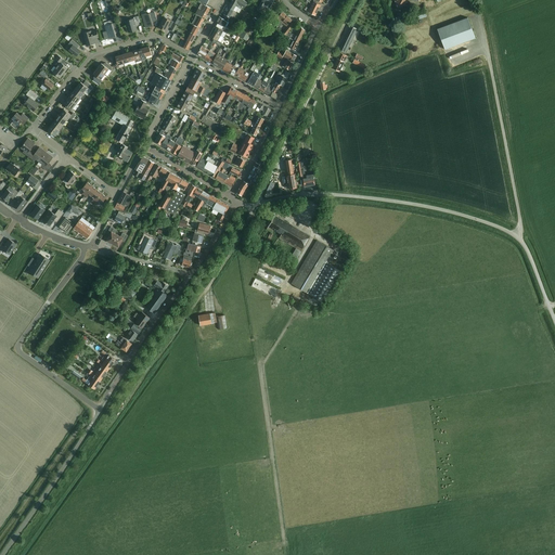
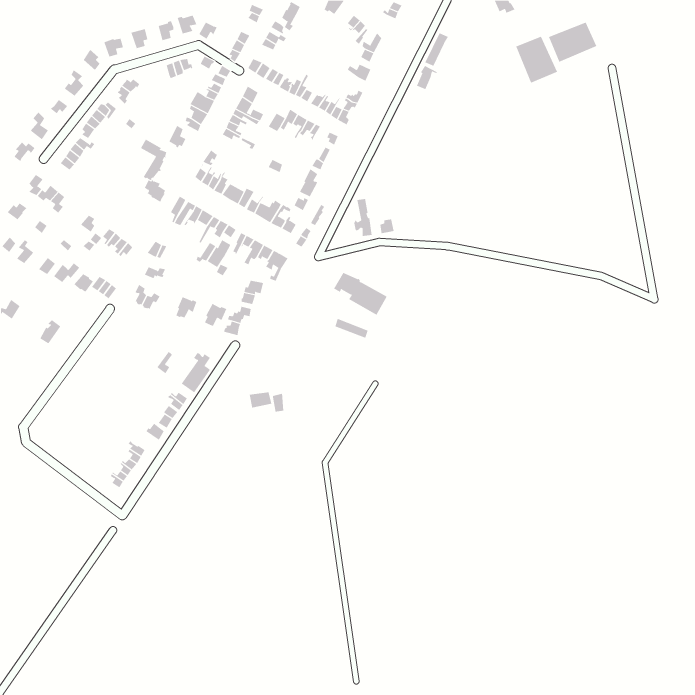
building: none -> [515,36,558,83]
building: [292,241,336,295] -> none

